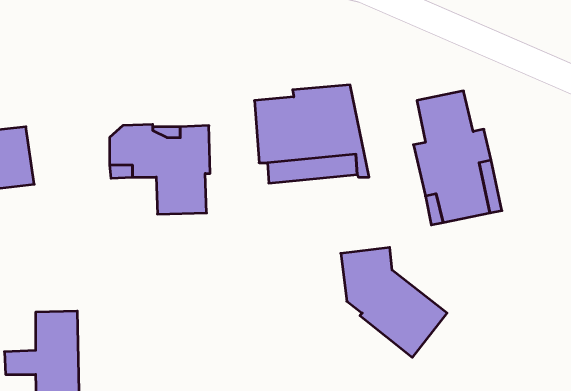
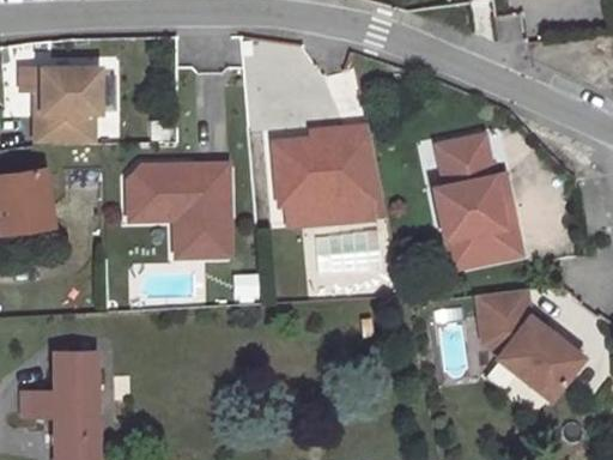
building: none -> [35,71,98,143]
building: [341,247,447,357] -> [477,288,583,398]

